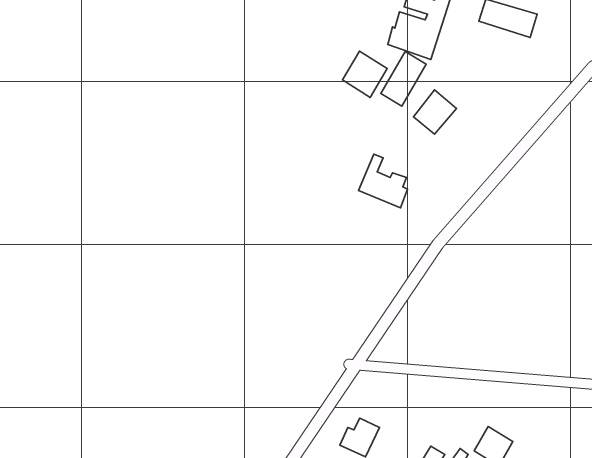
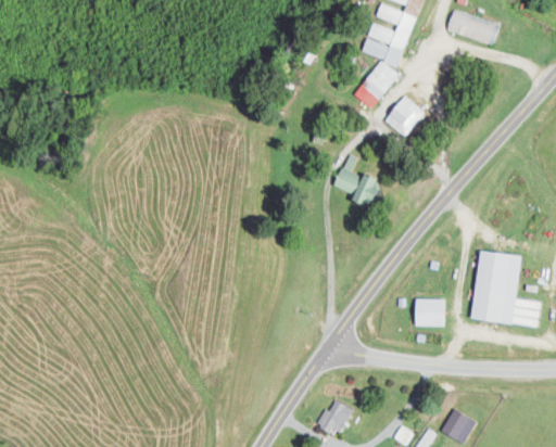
building: [343,51,387,97] -> none
building: none -> [471,248,541,327]
building: none -> [416,298,445,325]

